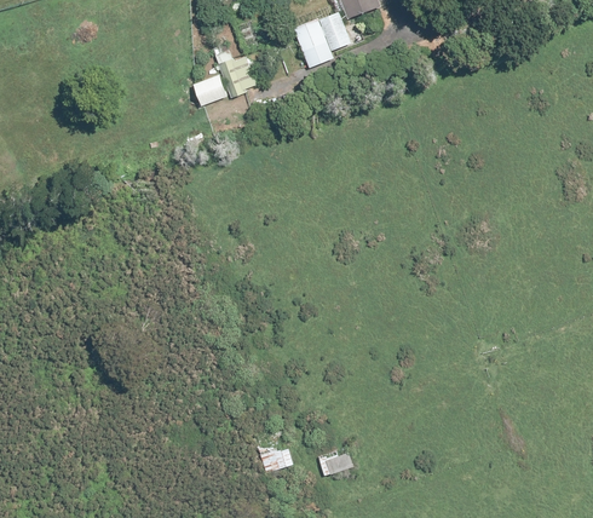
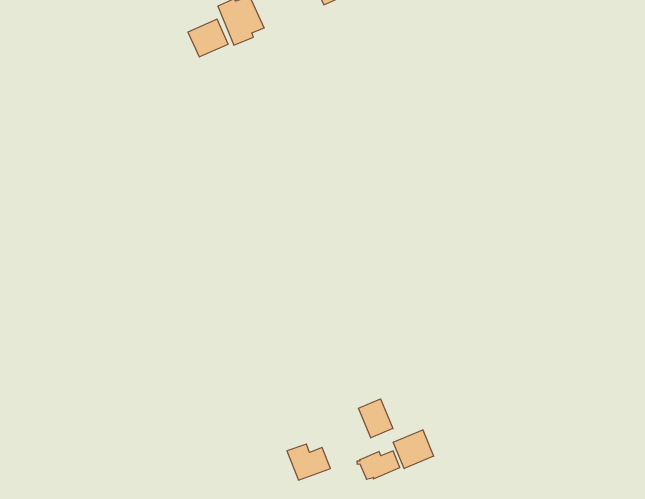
building: none -> [358,399,393,438]
building: none -> [393,430,434,469]

